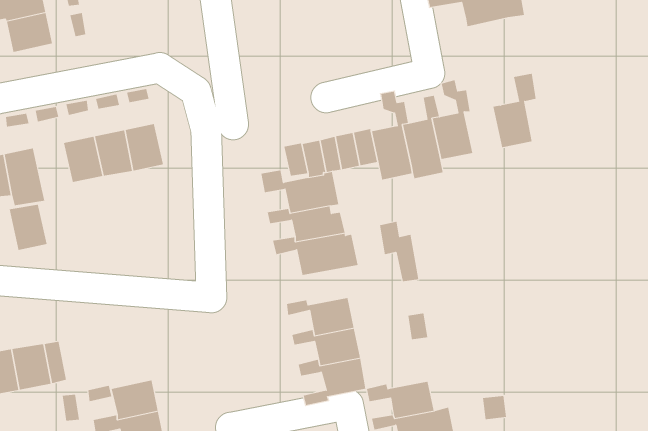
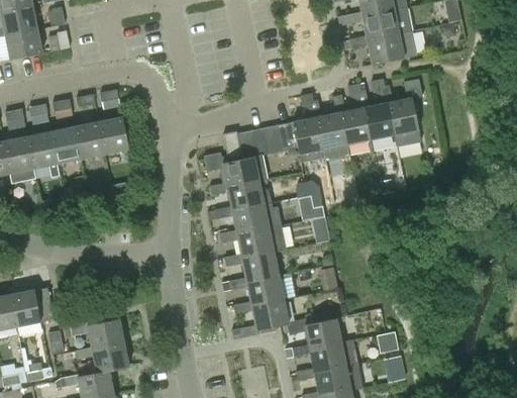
building: none -> [349,32,417,66]
building: none -> [365,79,394,140]
building: [9,204,48,251] -> [27,132,58,169]
building: none -> [220,228,286,260]

